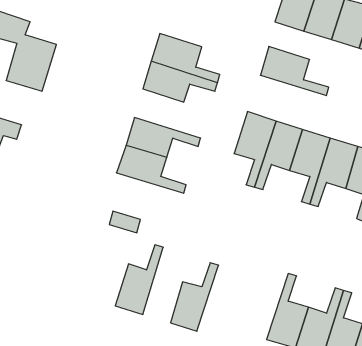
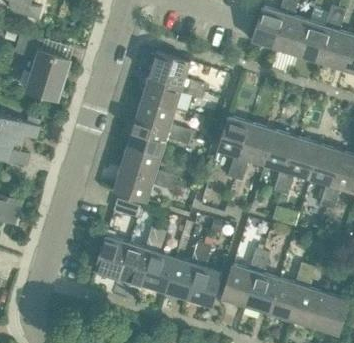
building: [260,46,329,96] -> [135,97,192,138]
building: none -> [113,167,176,201]
building: none -> [142,229,175,292]
building: none -> [95,230,130,278]
building: none -> [187,244,222,306]
building: none -> [222,248,263,306]

